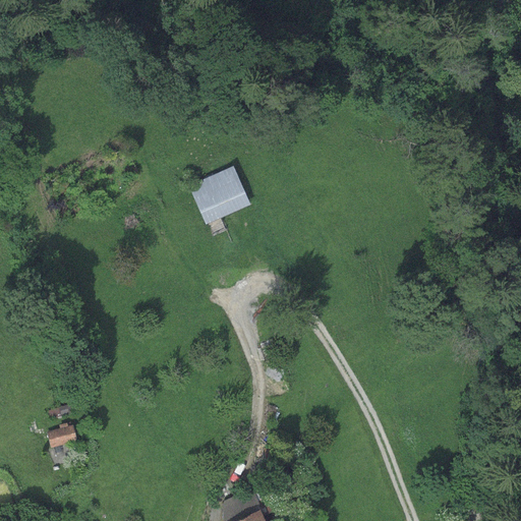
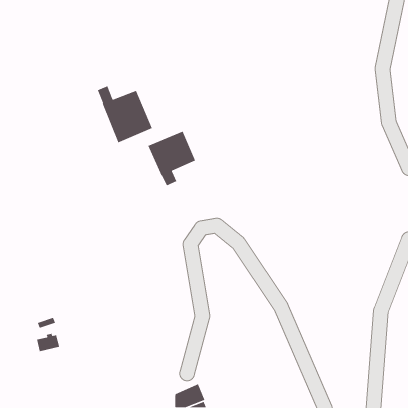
building: none -> [97,85,153,143]

